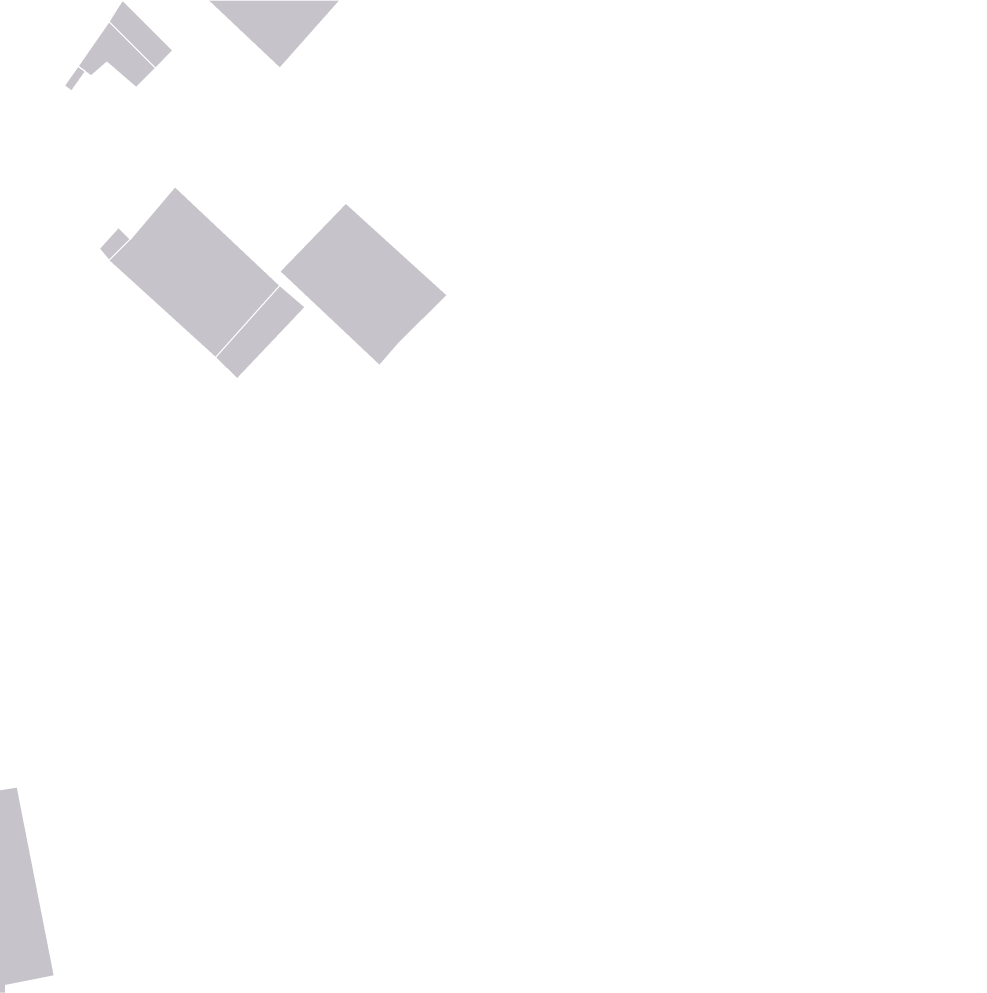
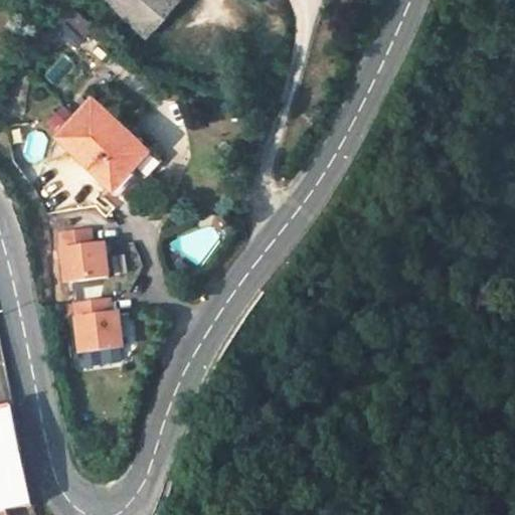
building: [280,203,447,366] -> none
building: none -> [56,229,106,282]
building: none -> [72,298,121,353]

